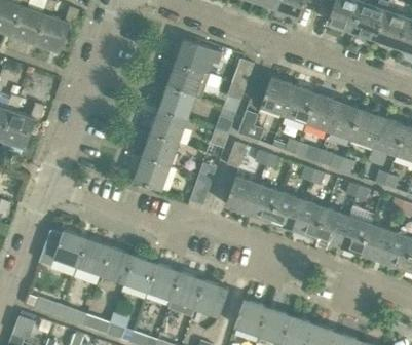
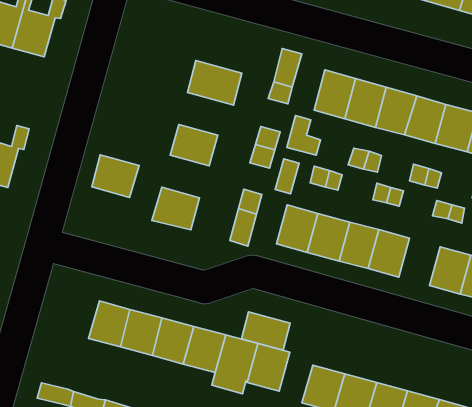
building: [175,40,222,76] -> none
building: [158,87,195,121] -> none
building: [142,133,179,167] -> [92,155,139,198]
building: [315,209,348,246] -> none
building: [39,230,88,267] -> none
building: none -> [241,312,290,350]

